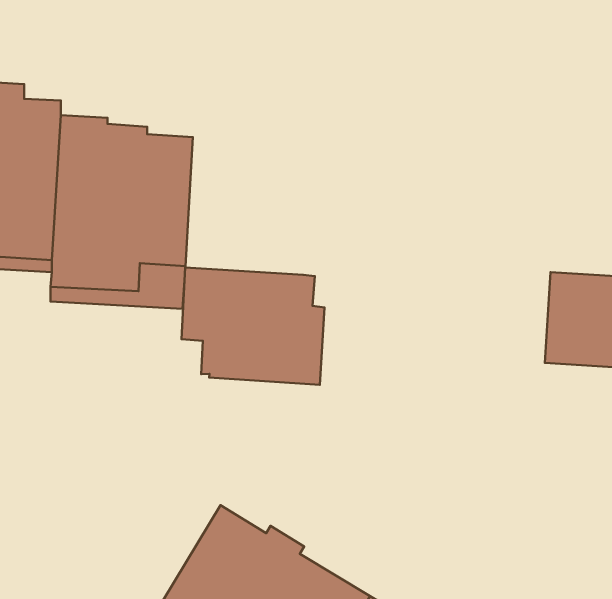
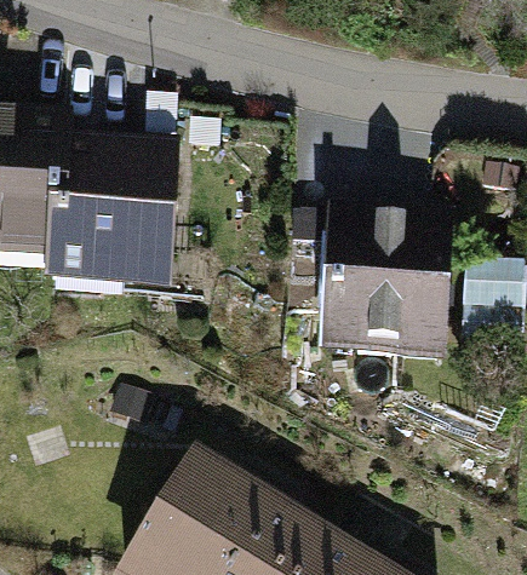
building: none -> [328,206,443,356]
building: [181,268,324,385] -> none

